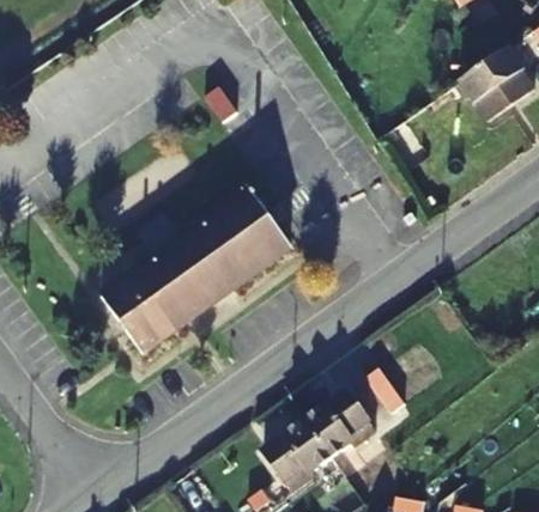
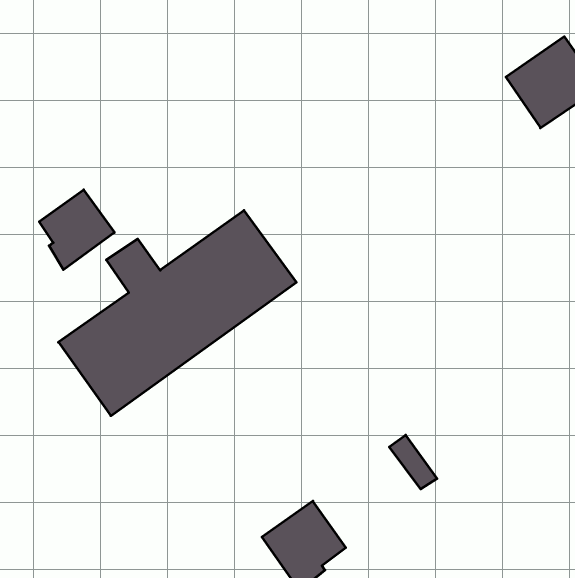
building: none -> [39,190,114,270]
building: [304,391,376,458] -> none

